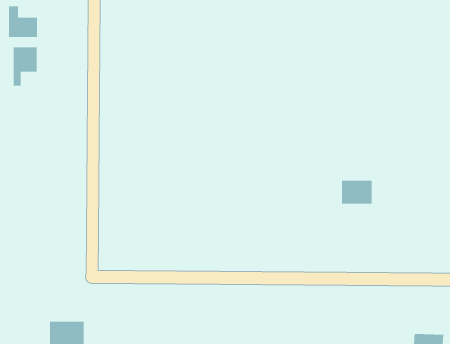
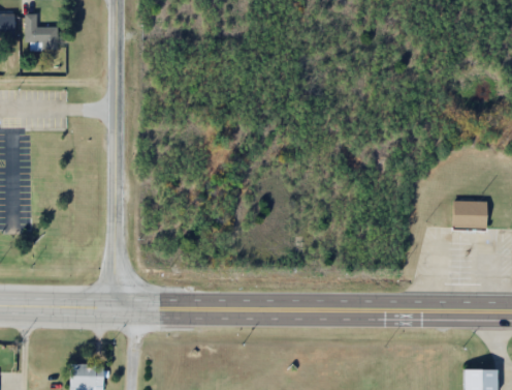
building: [13,47,38,87] -> none
building: [341,180,373,205] -> [452,202,486,229]

